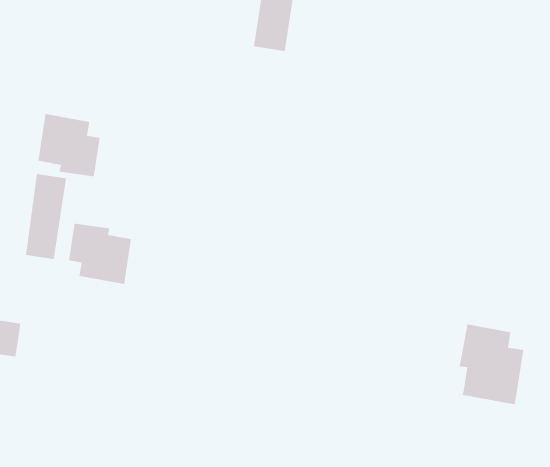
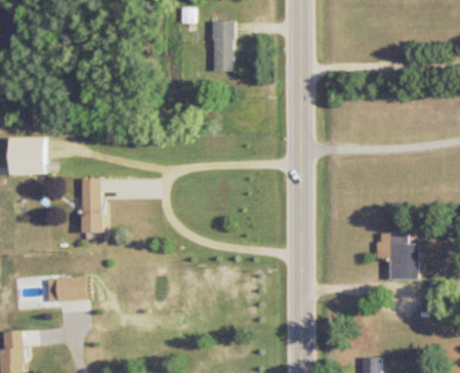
building: [38,113,100,177] -> none
building: [68,223,132,285] -> none

